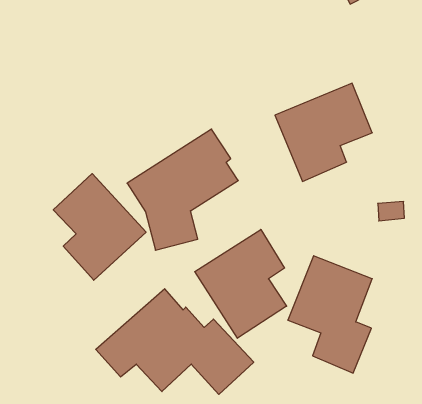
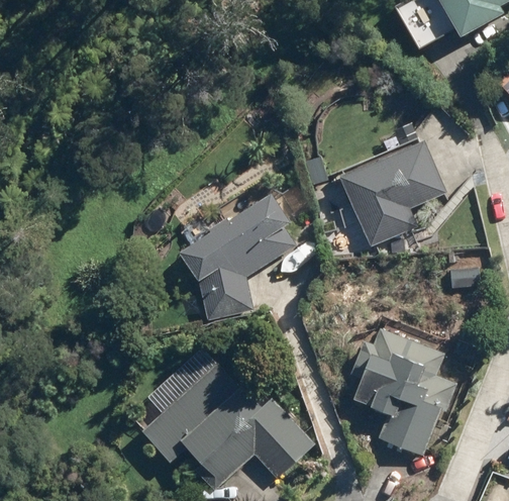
building: [53,174,146,280] -> none
building: [195,229,287,338] -> none

